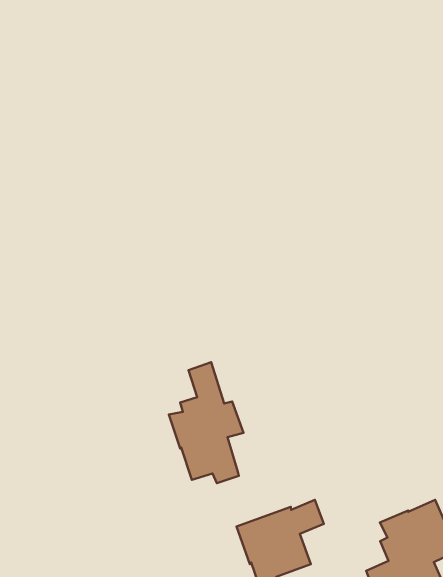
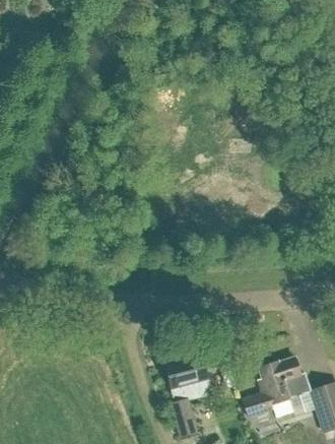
building: [169,362,243,483] -> none

